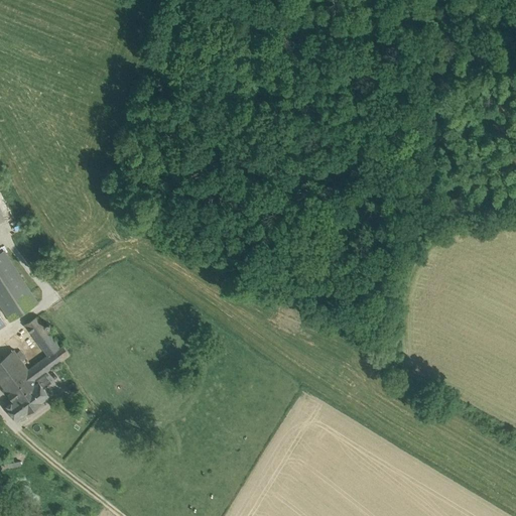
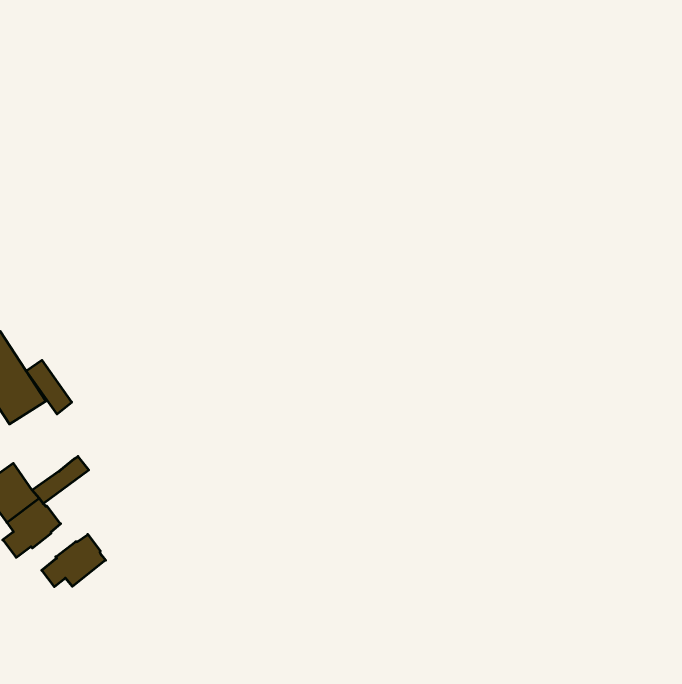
building: [21,312,55,353] -> [26,360,72,414]
building: none -> [42,534,106,587]

